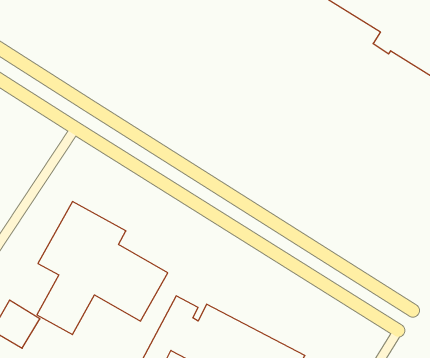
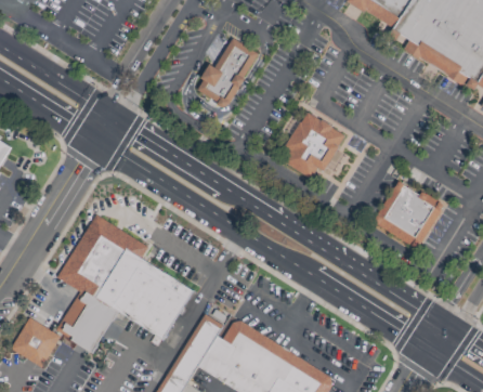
building: none -> [198,38,260,107]
building: none -> [285,110,349,181]
building: none -> [374,180,443,249]

